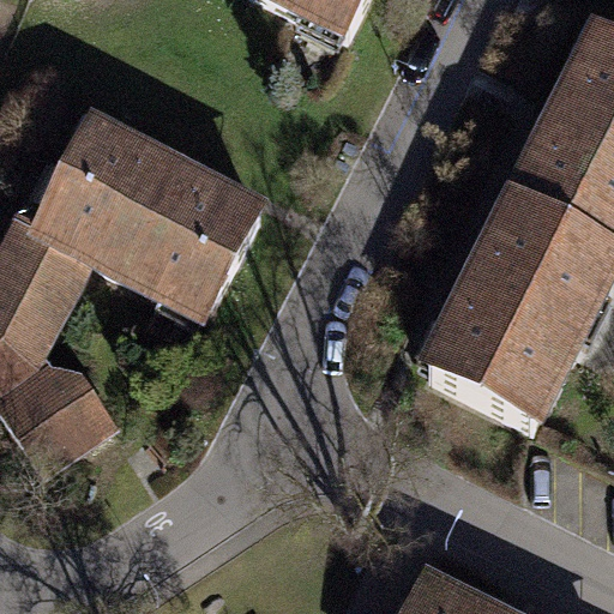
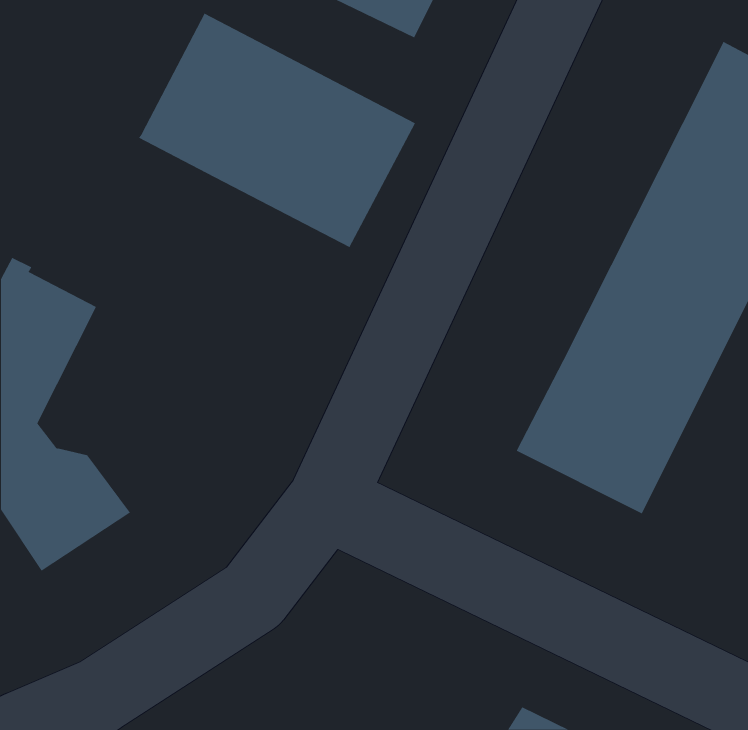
building: [26,120,253,312] -> [138,13,416,248]

